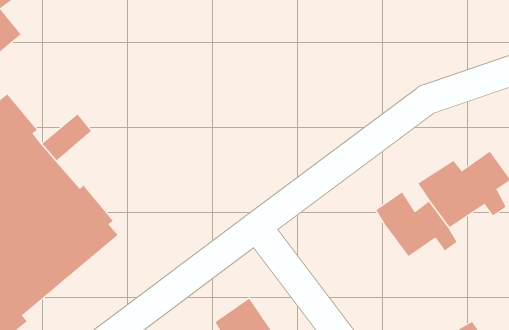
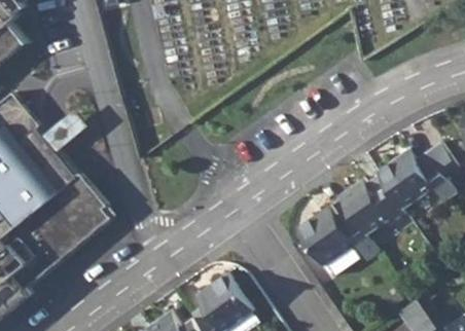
building: none -> [297,207,375,267]

